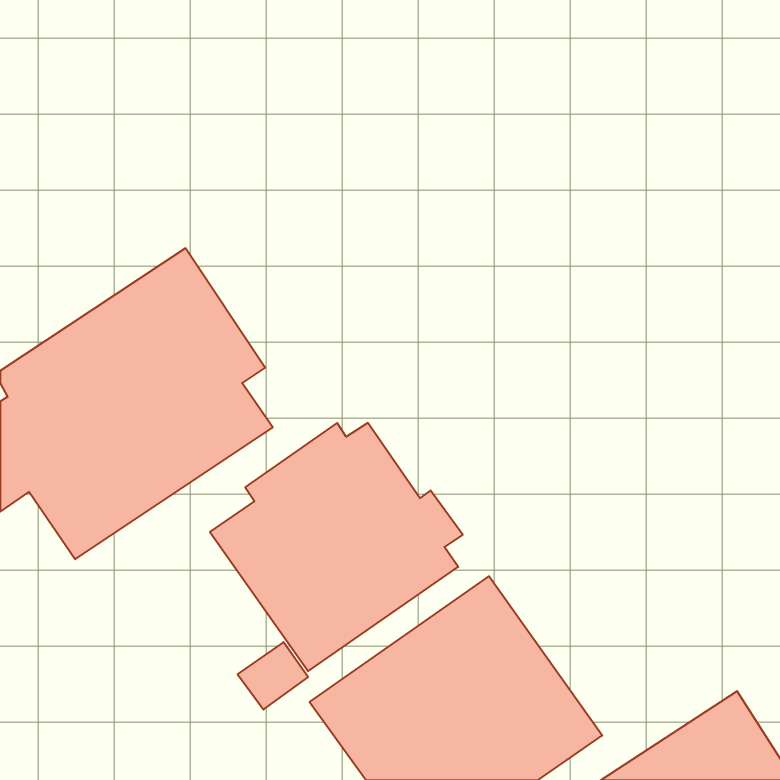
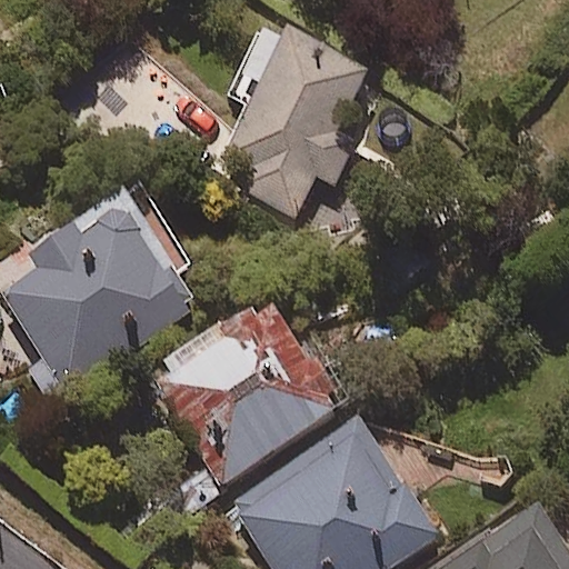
building: none -> [227,21,369,218]

